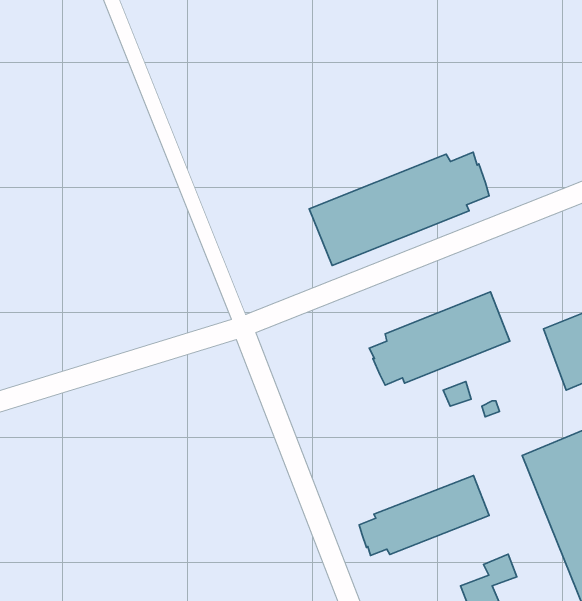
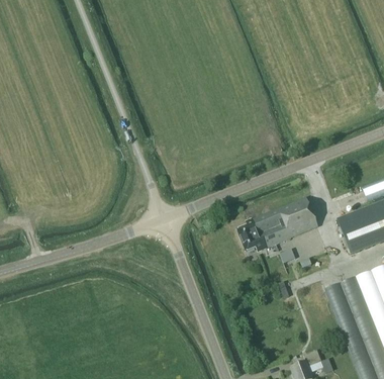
building: [309,152,489,266] -> none
building: [359,475,489,556] -> none

